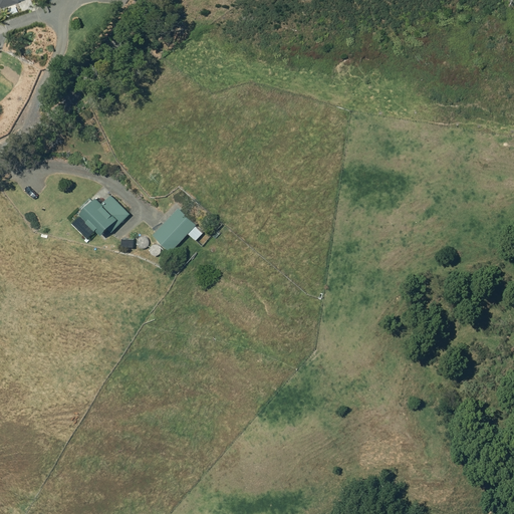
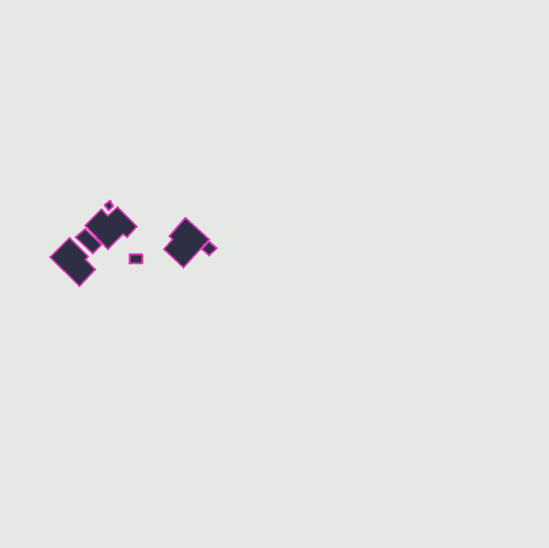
building: none -> [50,238,95,286]

